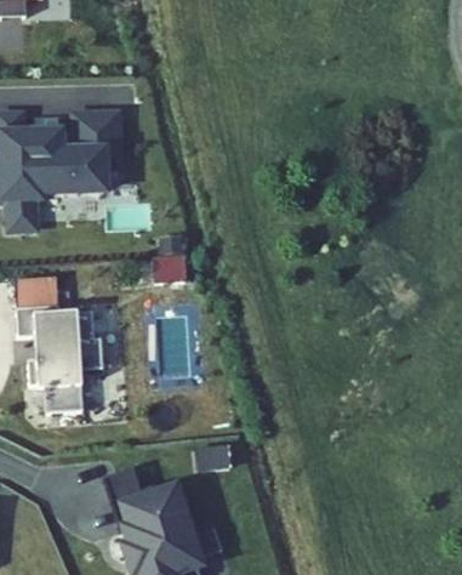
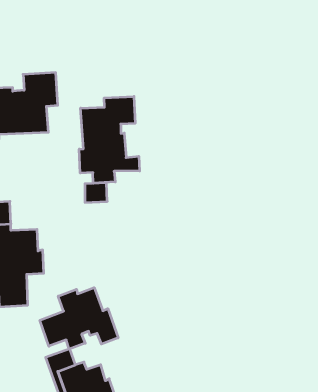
building: none -> [79,96,140,183]
building: none -> [40,288,118,349]

